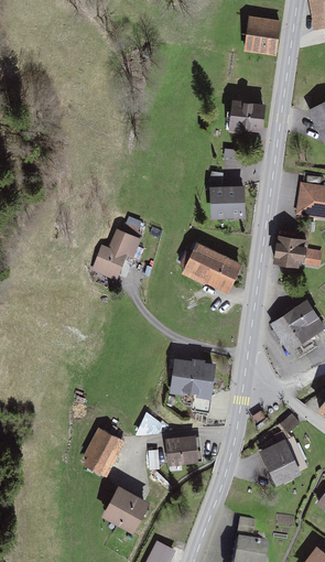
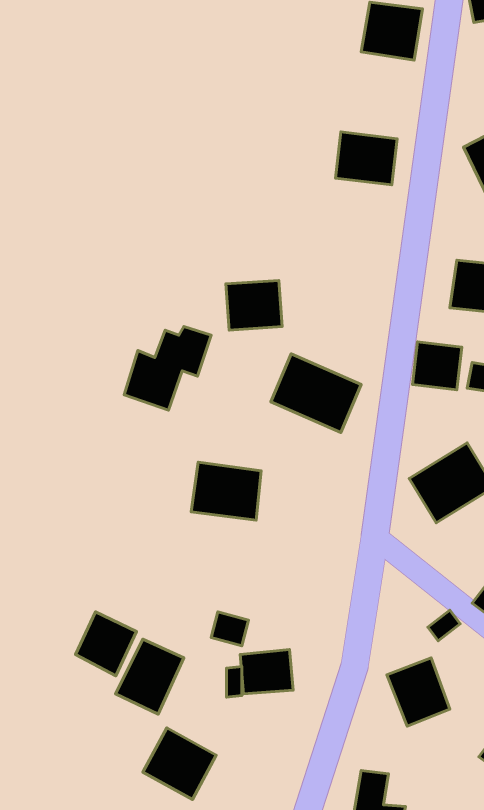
building: [205,187,241,219] -> [226,281,282,330]
building: [166,359,212,397] -> [191,462,261,520]
building: none -> [75,612,137,676]

